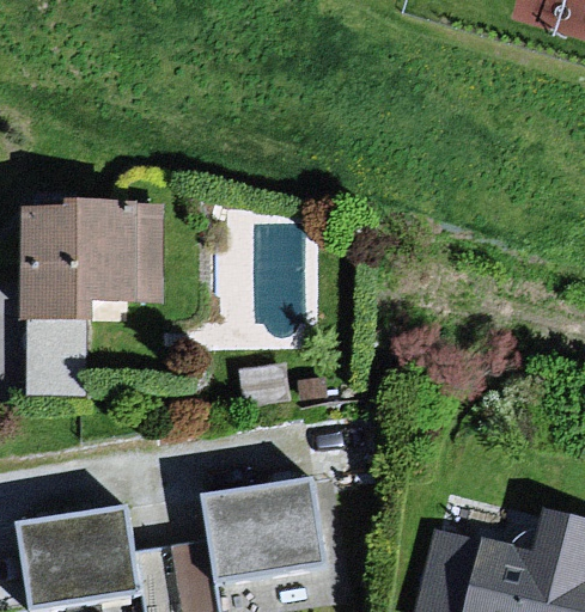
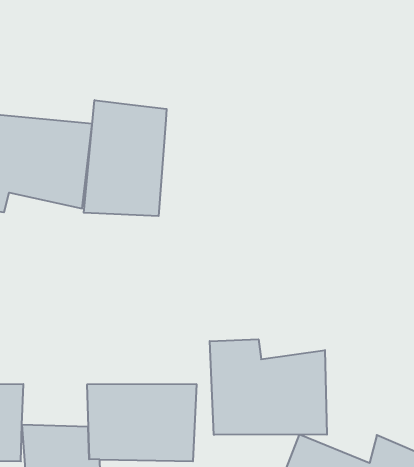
building: none -> [84,100,167,216]
building: none -> [210,339,327,435]

